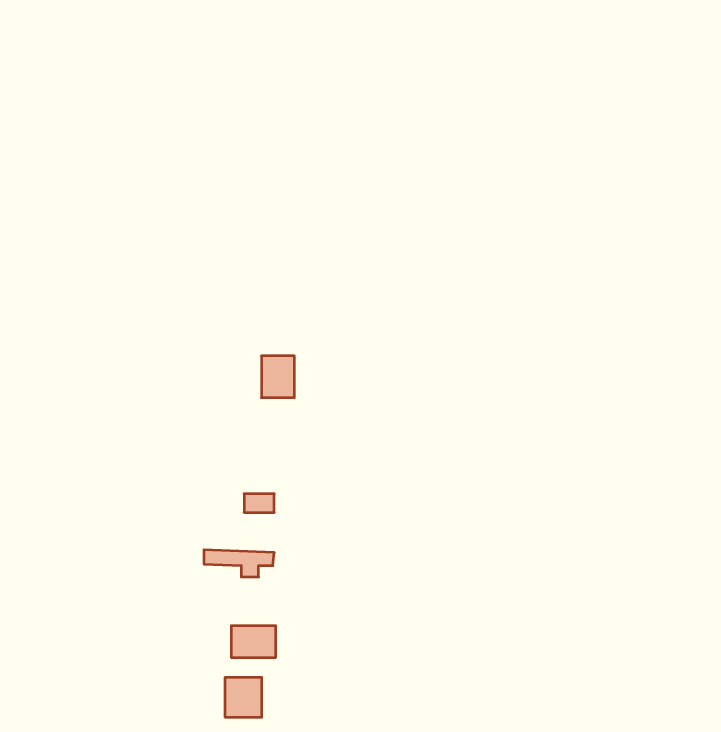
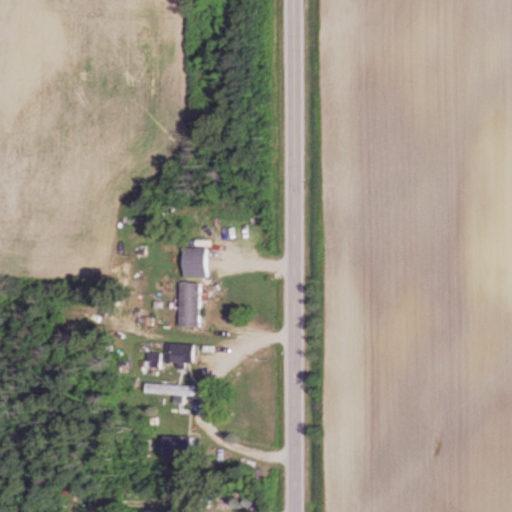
building: none -> [176,284,198,326]
building: [225,677,262,717] -> none

